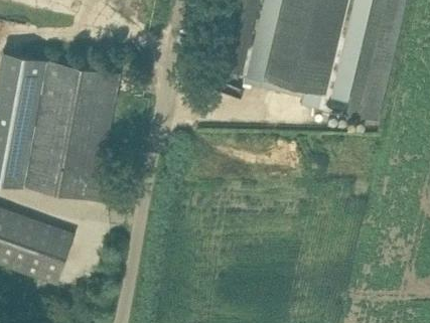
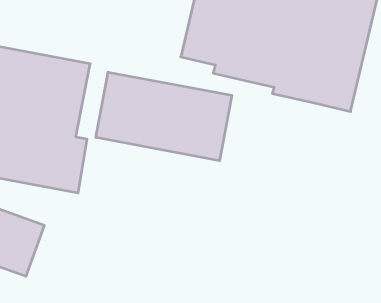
building: none -> [96,72,232,161]

